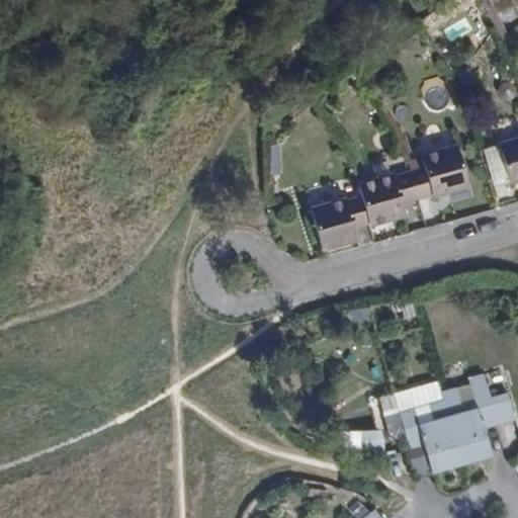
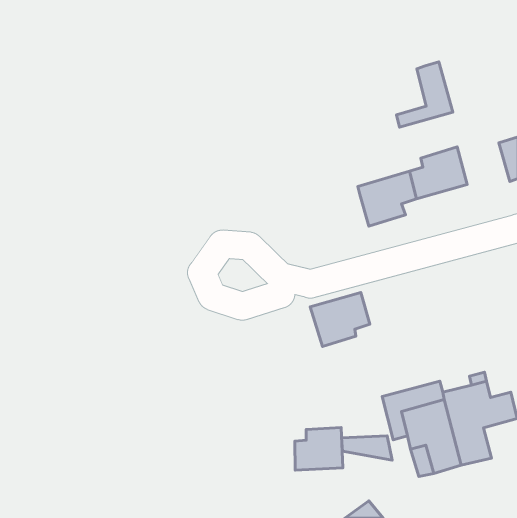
building: none -> [396,62,453,127]
building: [310,194,369,248] -> [310,293,370,346]
building: none -> [295,428,343,470]

